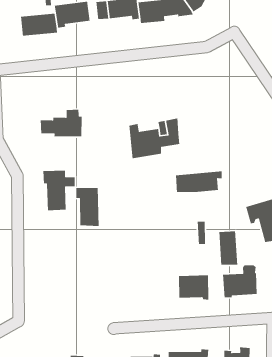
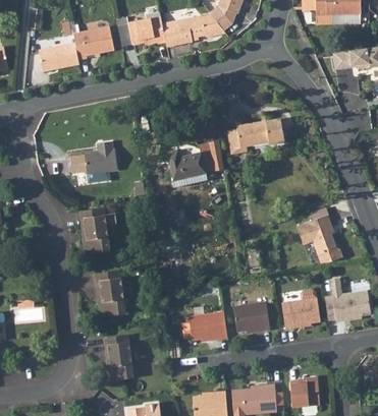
building: [175,171,223,193] -> [235,119,286,147]
building: [75,187,99,227] -> [94,272,123,314]
building: [219,230,238,266] -> none
building: none -> [187,313,226,341]
building: none -> [102,334,130,378]

